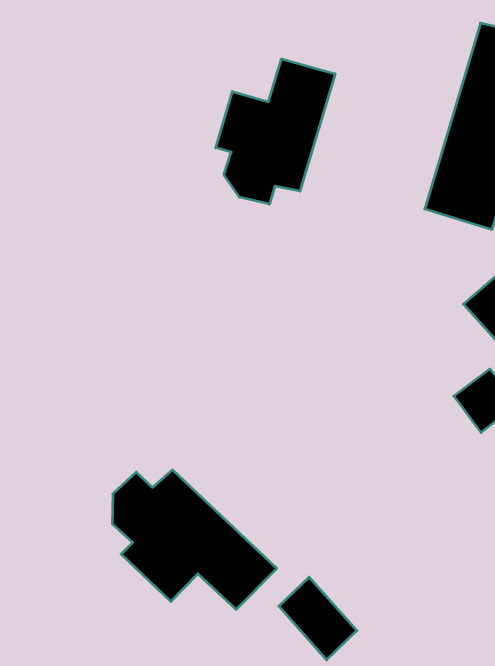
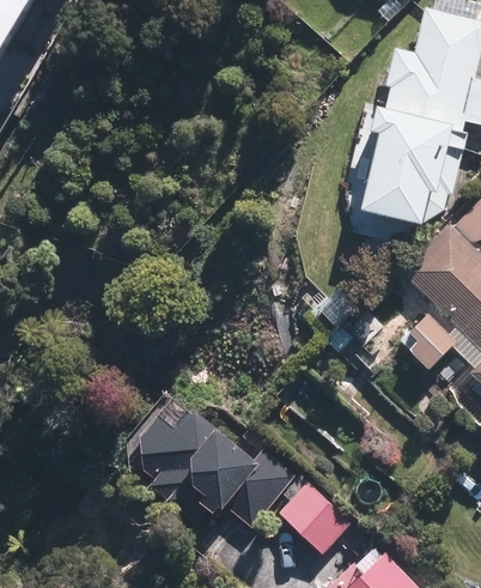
building: [216,59,335,204] -> none

